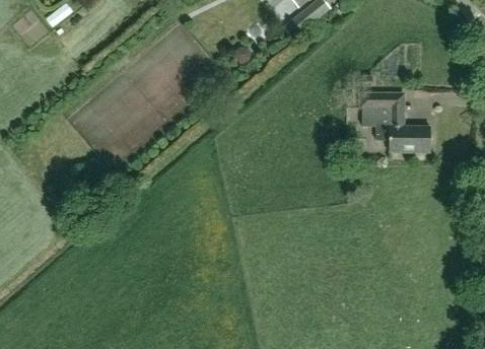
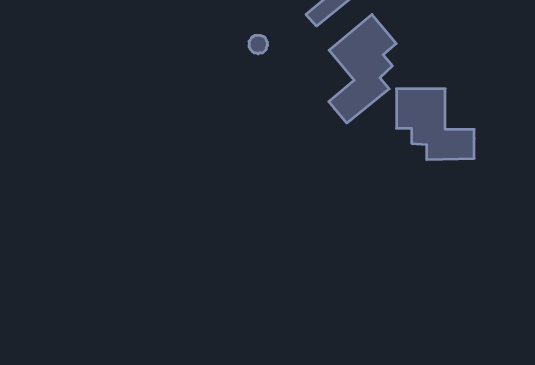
building: none -> [329,14,396,123]

